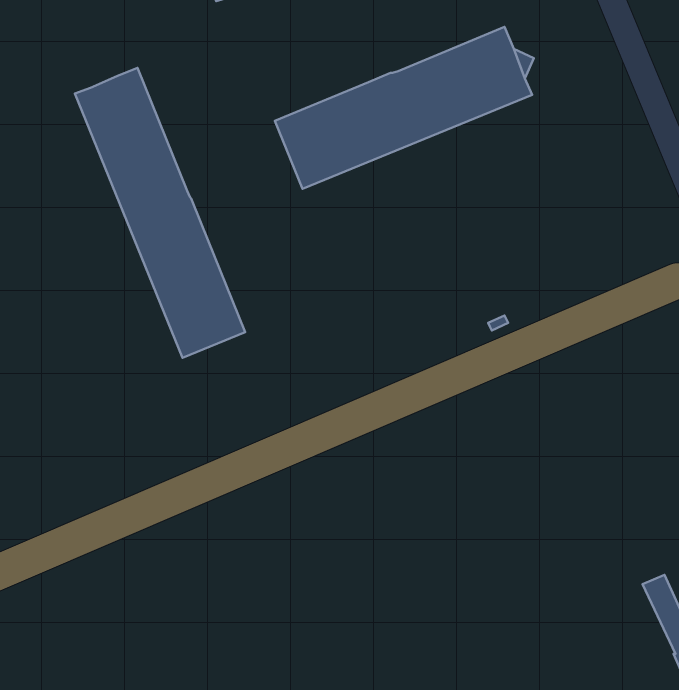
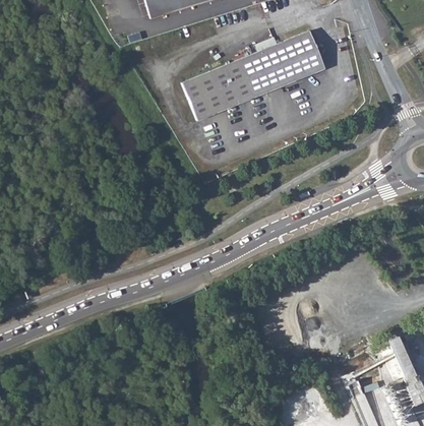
building: [75,68,245,358] -> none

